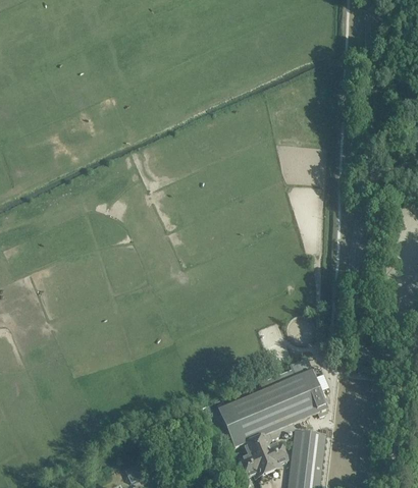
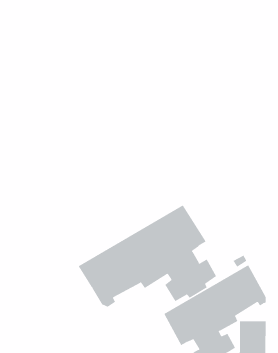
building: none -> [78,204,217,308]

